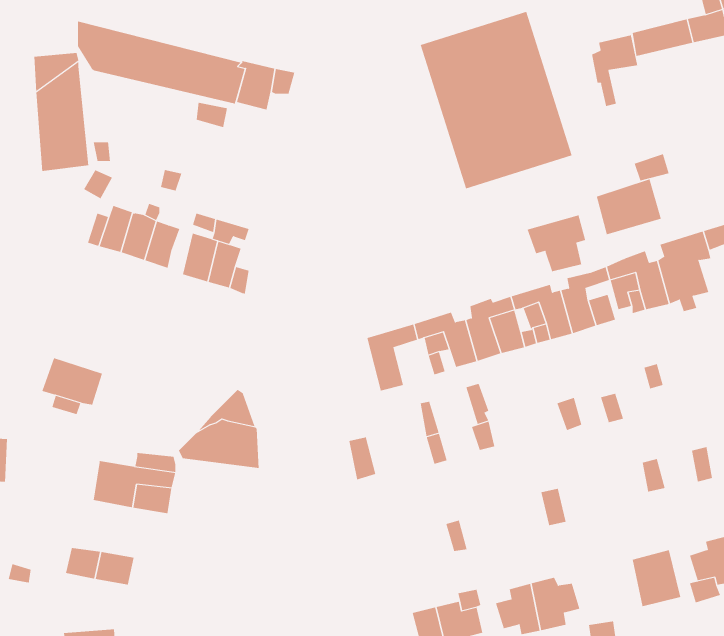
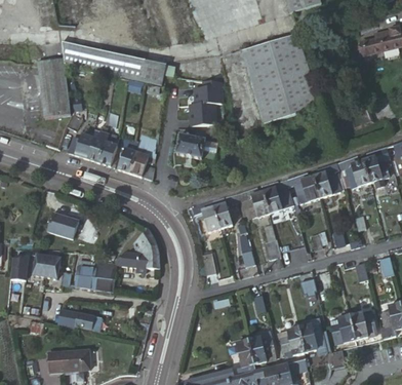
building: [591,34,638,107] -> none
building: none -> [190,78,223,122]
building: [596,179,661,235] -> none
building: none -> [175,127,207,159]
building: [527,214,586,272] -> none
building: none -> [192,201,219,233]
building: none -> [31,254,58,277]
building: none -> [329,316,355,343]

